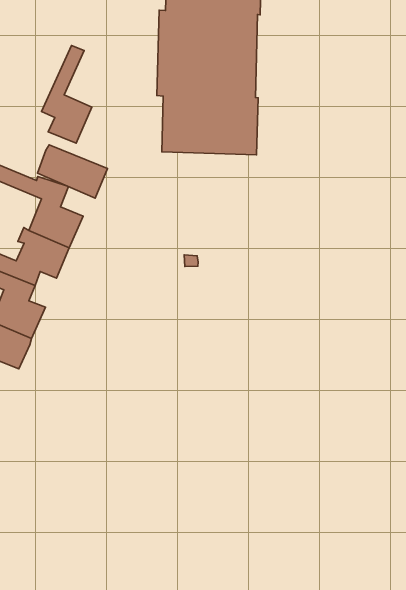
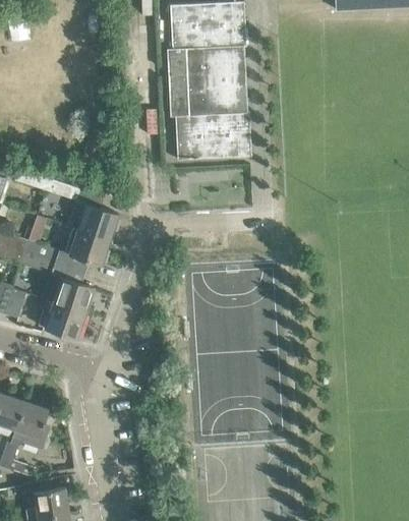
building: [41,45,92,143] -> none
building: [37,145,108,198] -> none

